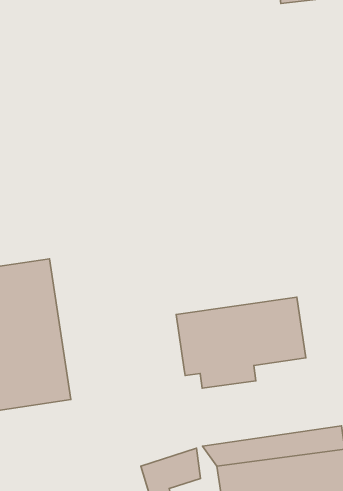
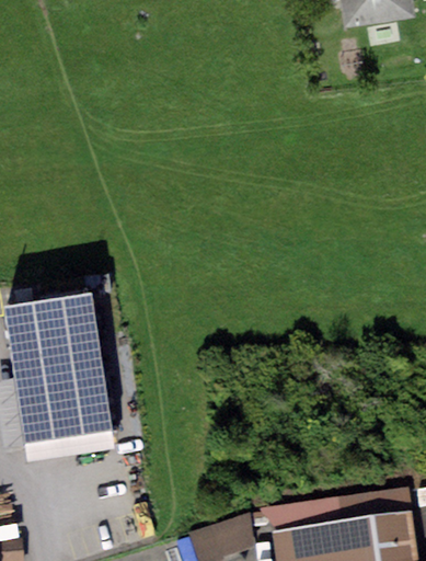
building: [176,297,306,388] -> none

